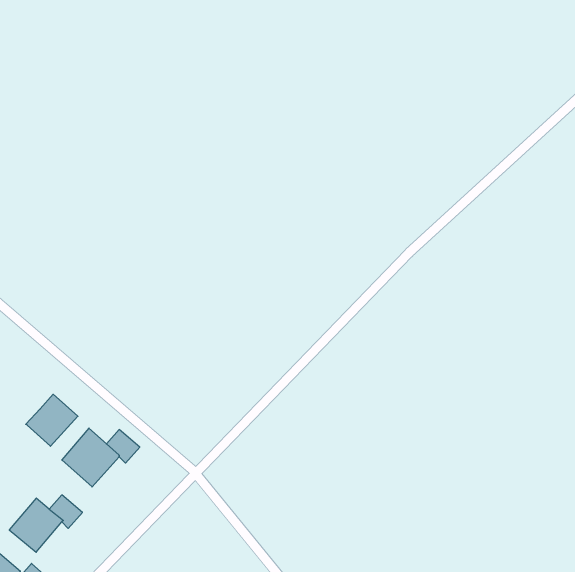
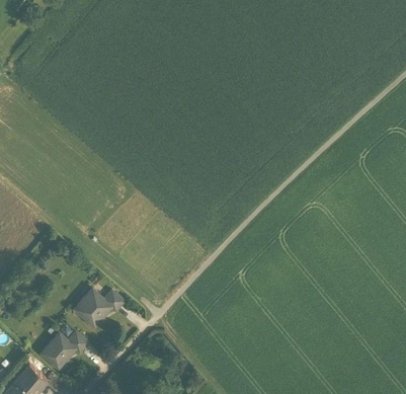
building: [26,394,78,446] -> none

